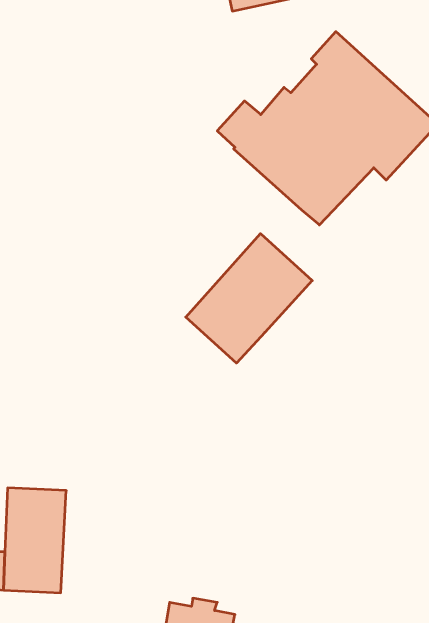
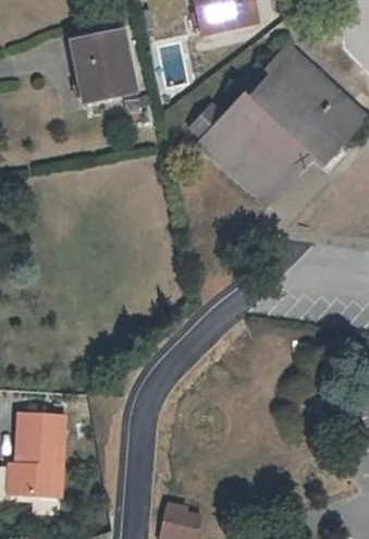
building: none -> [83,29,138,99]
building: [186,234,312,363] -> none

